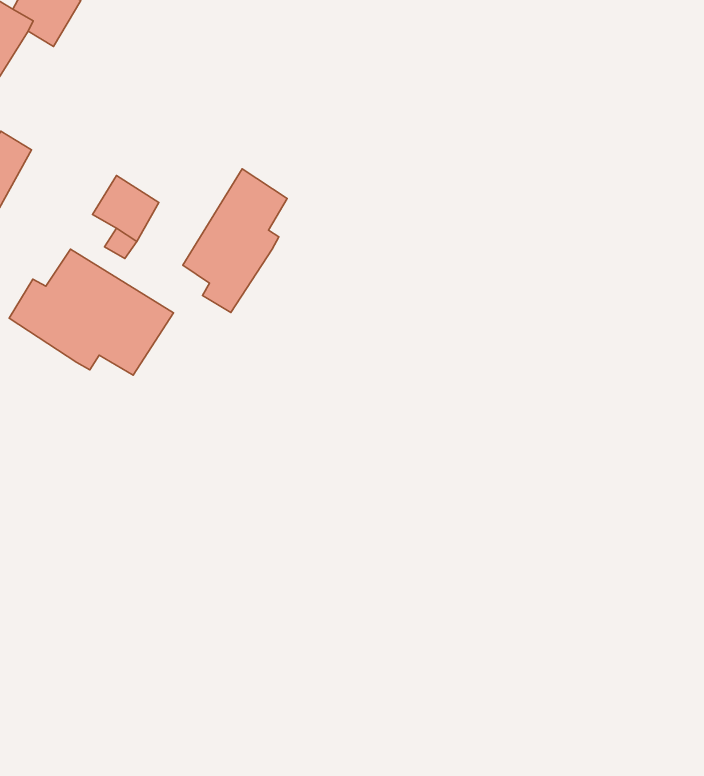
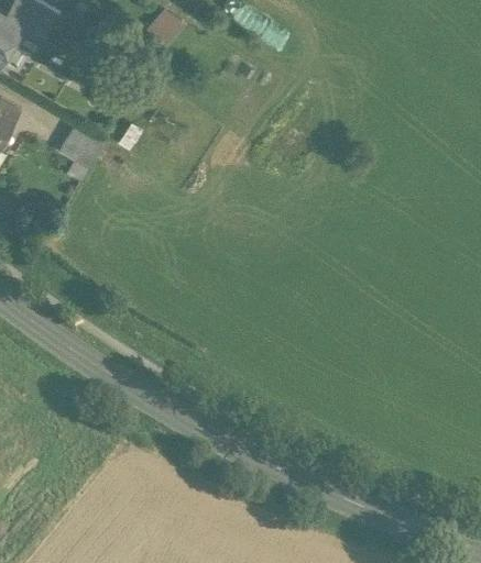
building: [183,169,287,312] -> none
building: [9,249,174,375] -> none

